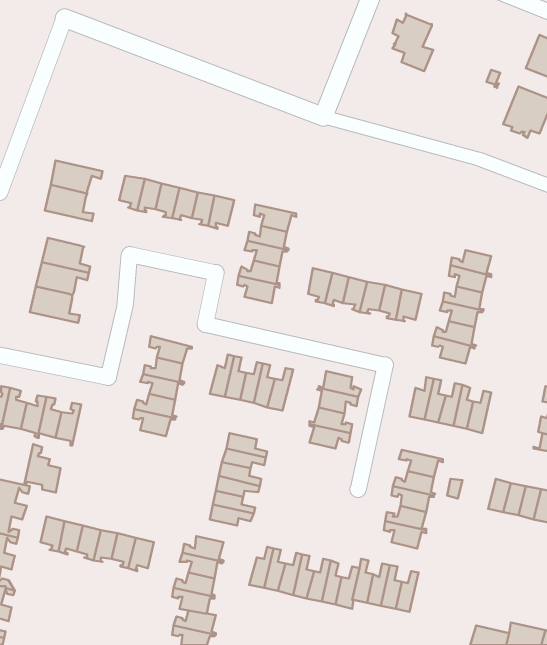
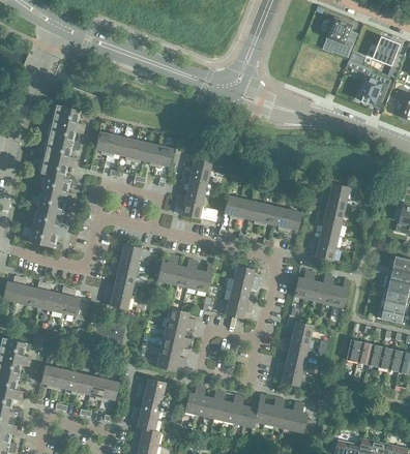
building: [392,14,433,71] -> [326,17,354,56]
building: none -> [51,103,85,128]
building: none -> [39,155,77,181]
building: none -> [29,224,66,247]
building: [24,444,60,493] -> [62,287,87,321]
building: none -> [293,402,315,436]

